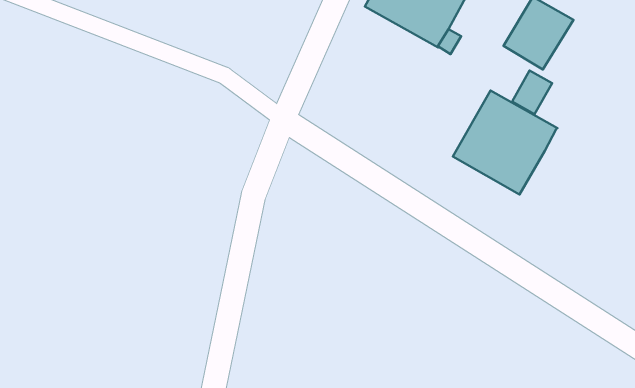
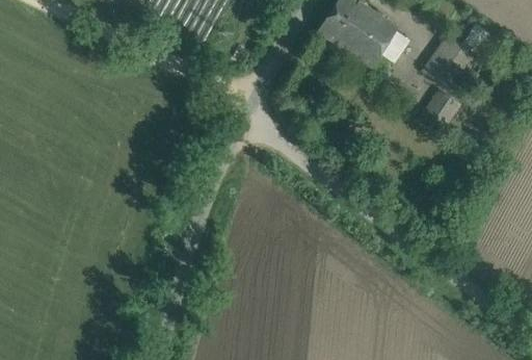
building: [453,90,557,194] -> none

